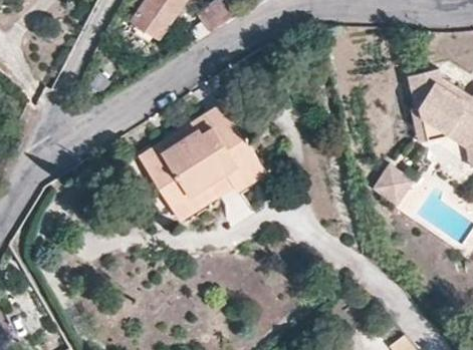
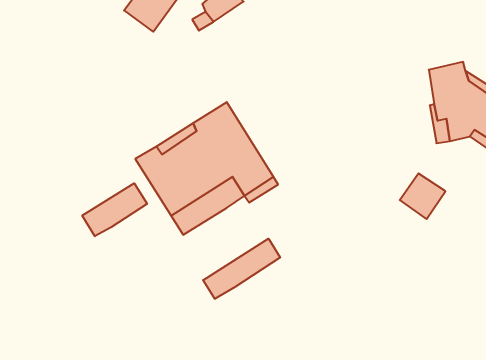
building: none -> [82,183,147,236]
building: none -> [203,239,280,299]

